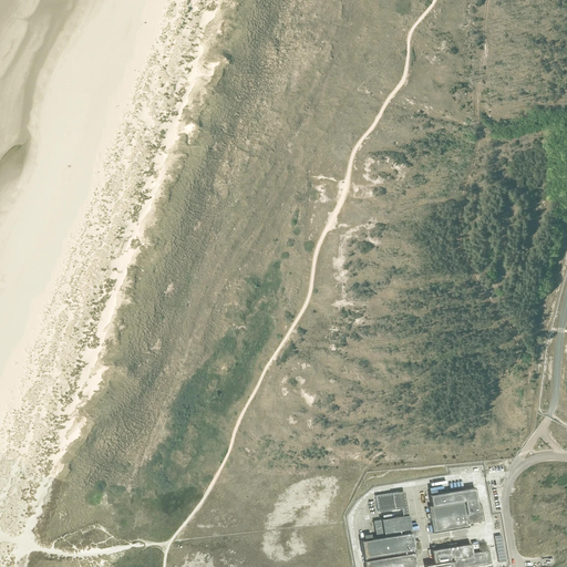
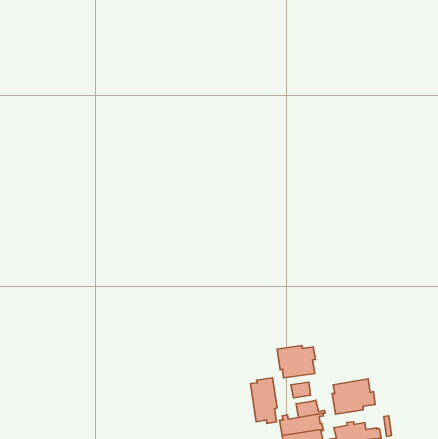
building: none -> [277,345,316,378]
building: none -> [251,378,277,424]

